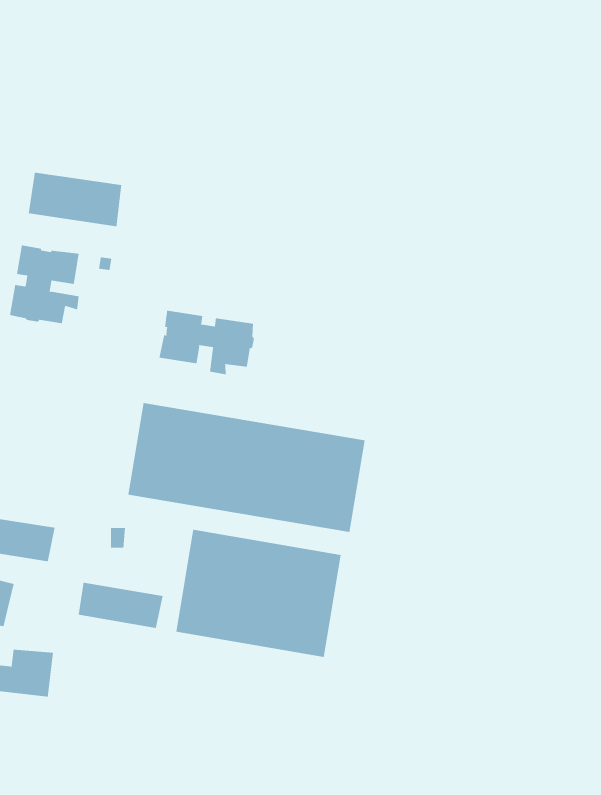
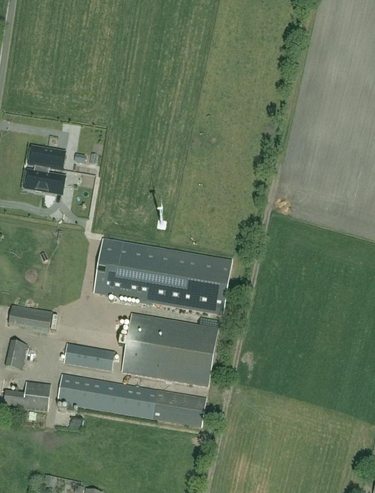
building: [28,172,122,227] -> none
building: [159,310,254,375] -> none
building: none -> [57,373,205,426]

